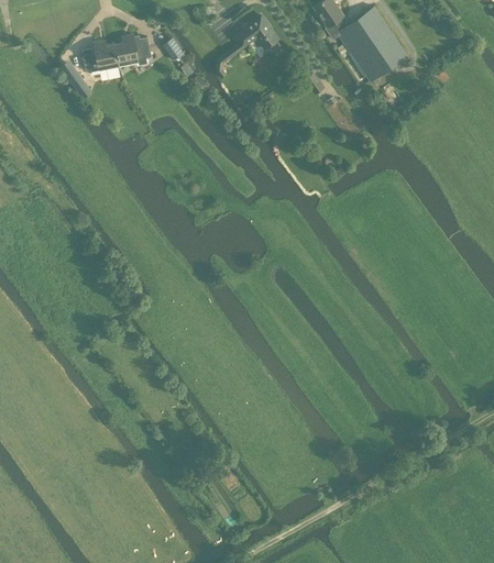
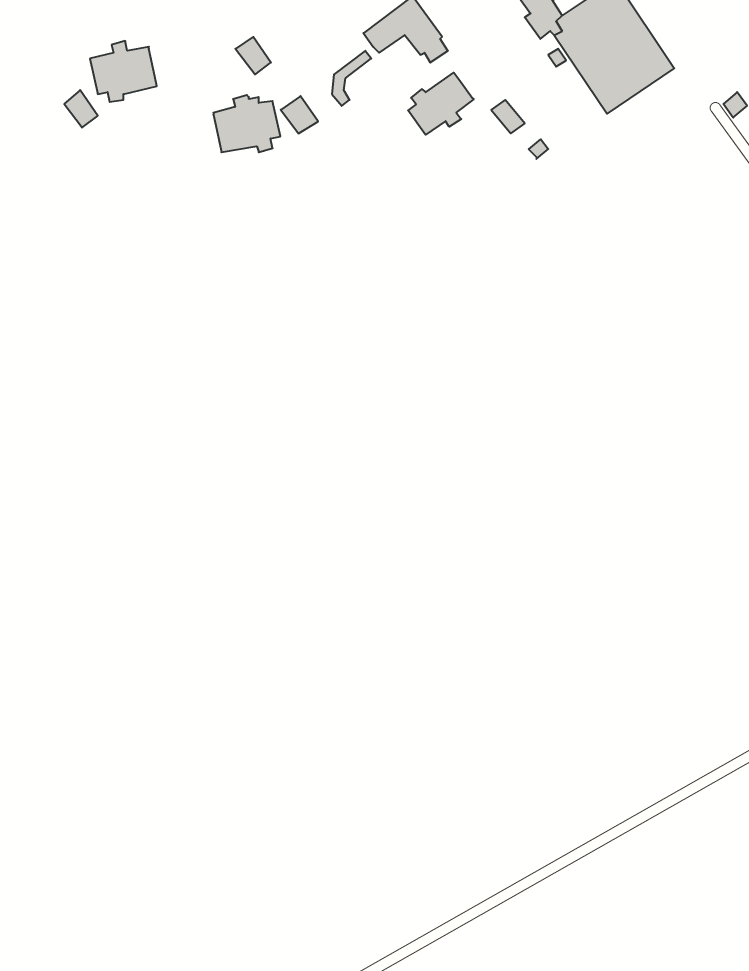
building: [112,33,150,65] -> [213,95,280,152]
building: none -> [408,73,474,135]

